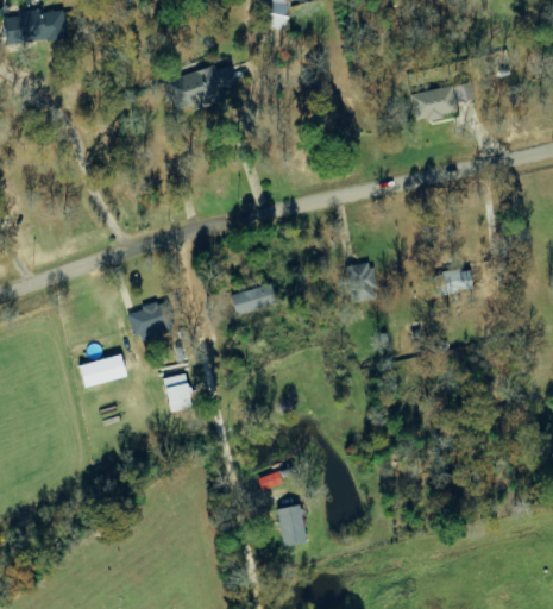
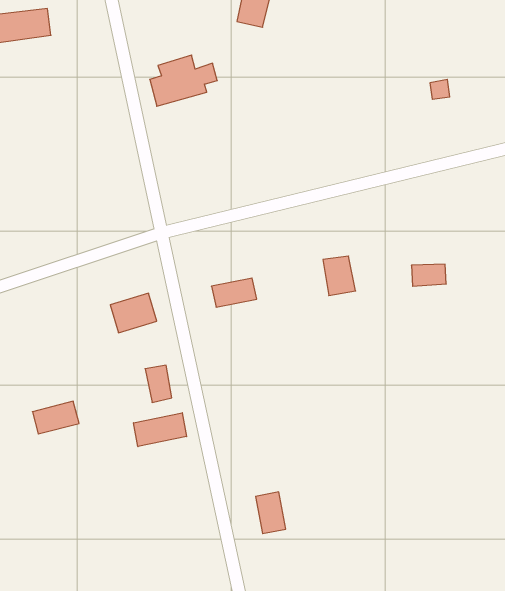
building: [411,88,455,120] -> none
building: [78,354,126,388] -> [32,401,79,434]
building: none -> [134,413,187,447]

